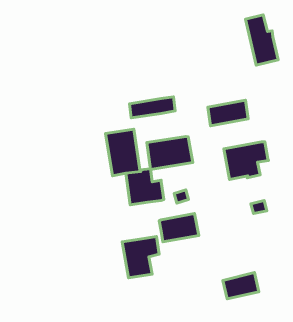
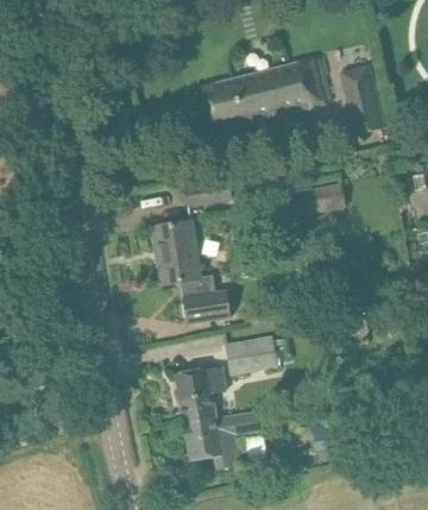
building: none -> [201,55,332,128]
building: [147,137,193,170] -> none
building: [224,142,268,180] -> none
building: none -> [183,409,256,466]

